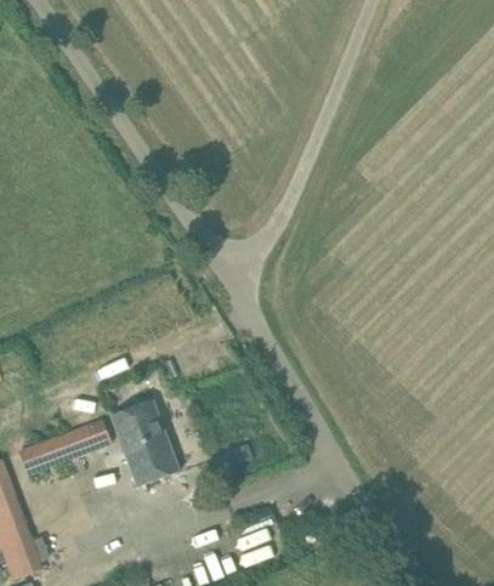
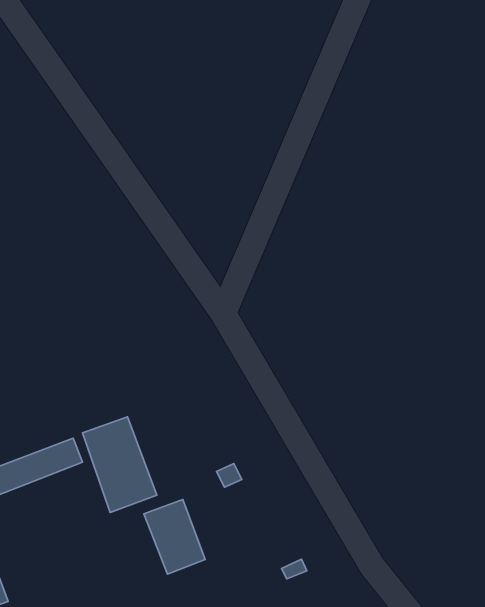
building: none -> [144,499,205,574]

